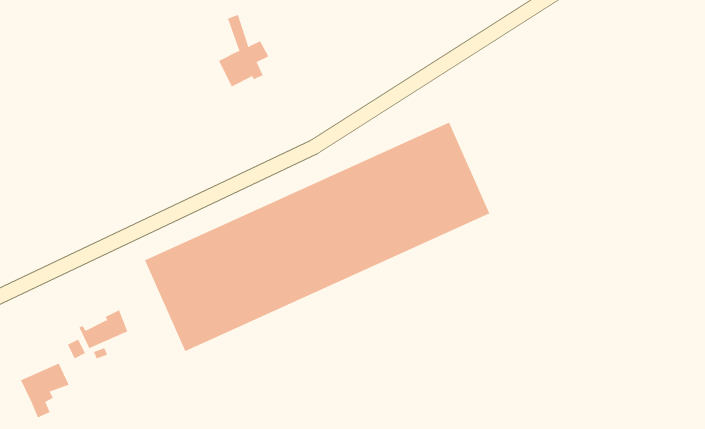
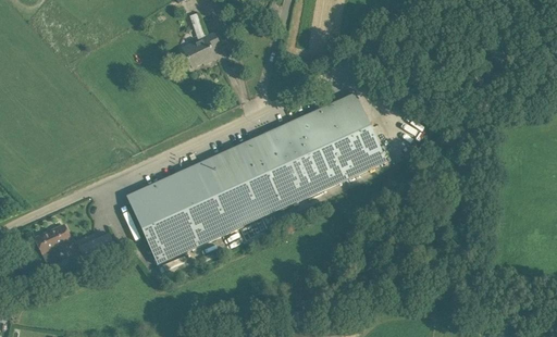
building: [20,363,69,418] -> [34,224,71,265]

